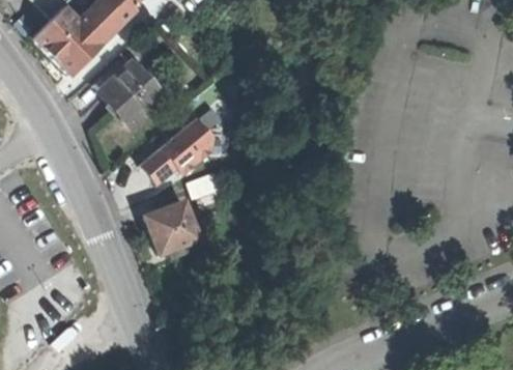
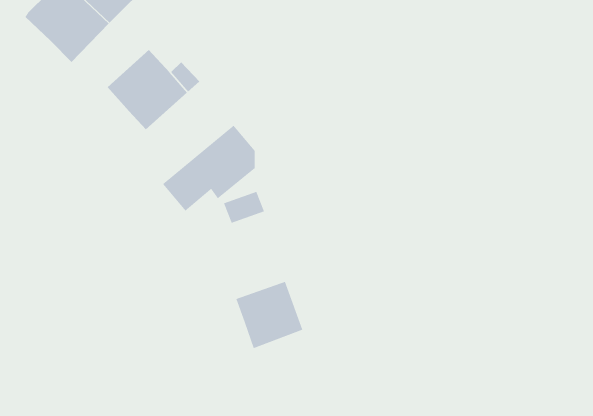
building: [145,201,197,253] -> [236,281,303,349]

